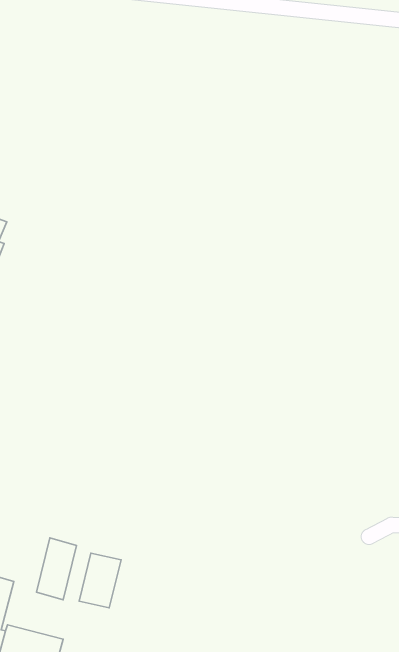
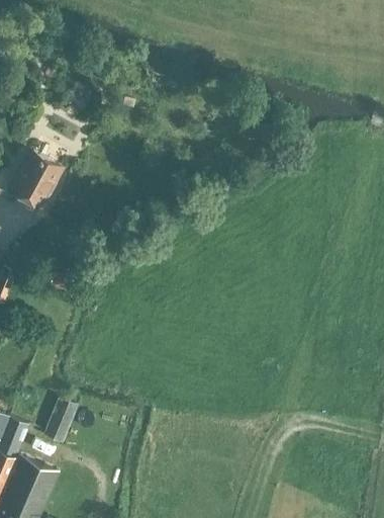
building: [79,553,121,608] -> none

